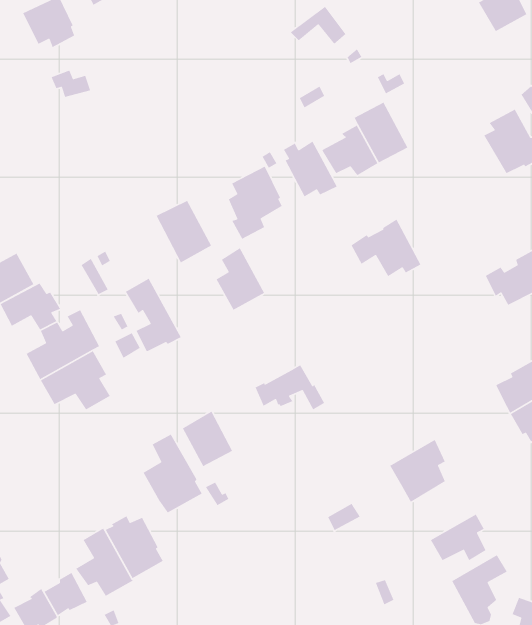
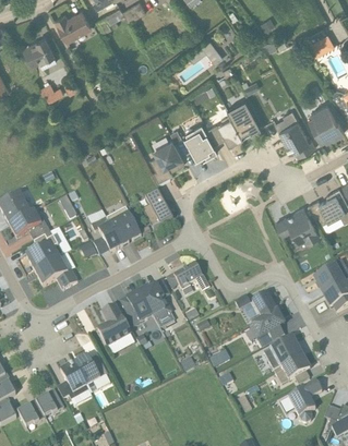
building: none -> [278,123,314,160]
building: [156,200,212,264] -> [106,207,141,246]
building: [351,219,422,277] -> [275,210,319,246]
building: none -> [140,280,175,328]
building: none -> [235,291,277,320]
building: none -> [263,336,302,371]

